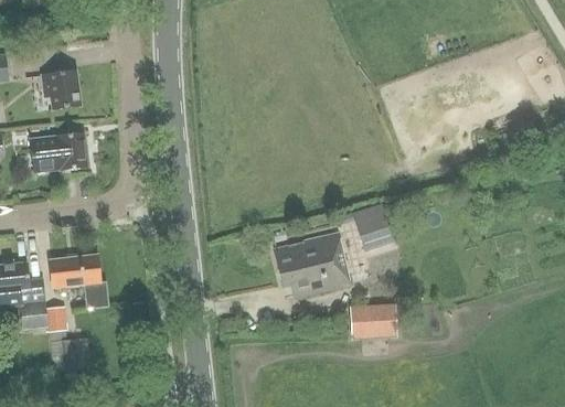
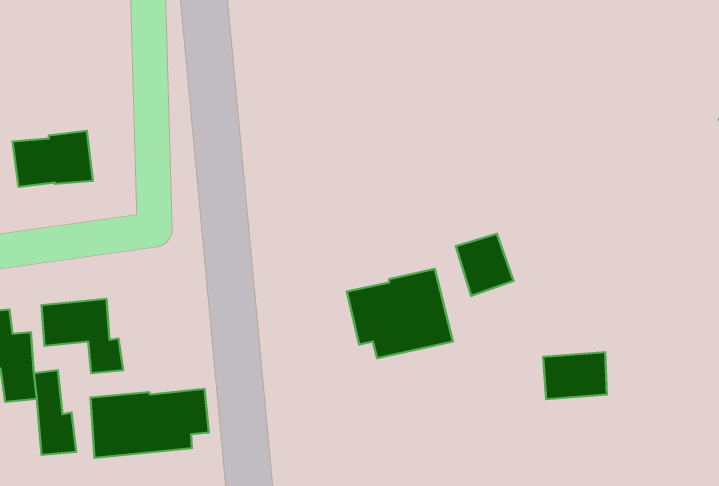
building: [41,68,81,107] -> none
building: [349,302,395,336] -> [543,352,607,399]
building: none -> [90,389,209,458]

